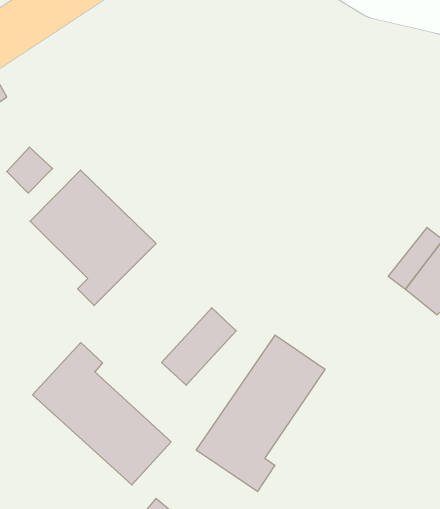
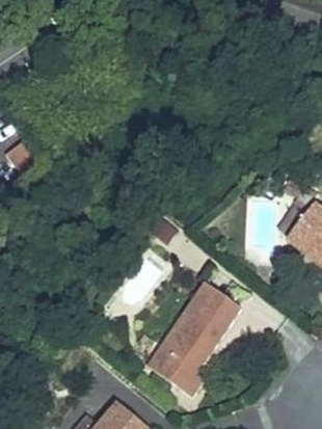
building: [30,170,156,306] -> none
building: [33,343,171,485] -> none

